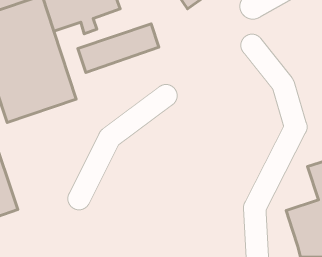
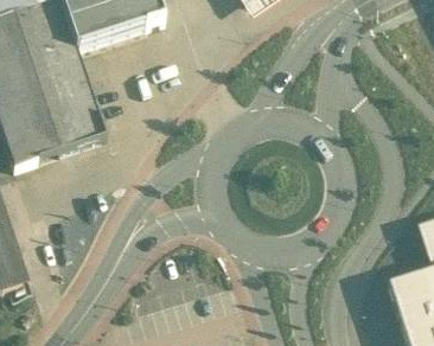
building: [78,24,159,72] -> none

